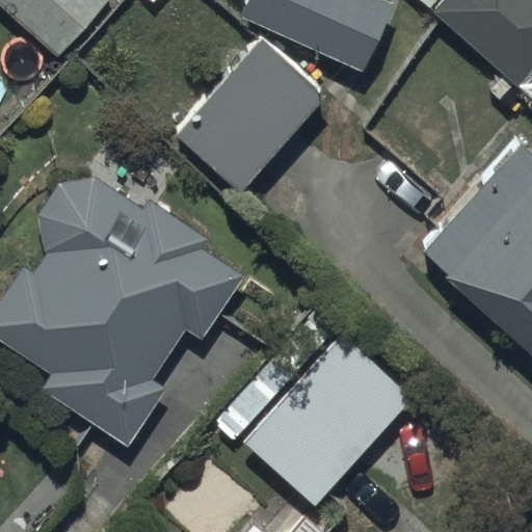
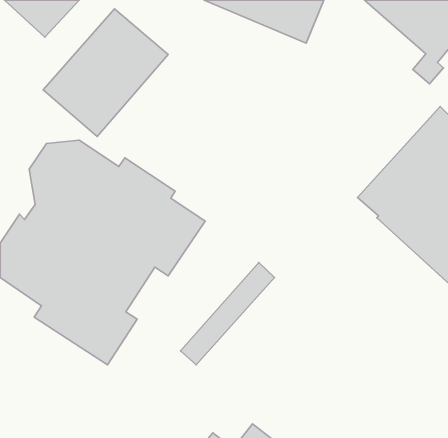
building: [176,37,323,188] -> [43,9,168,137]
building: [245,334,451,504] -> none

